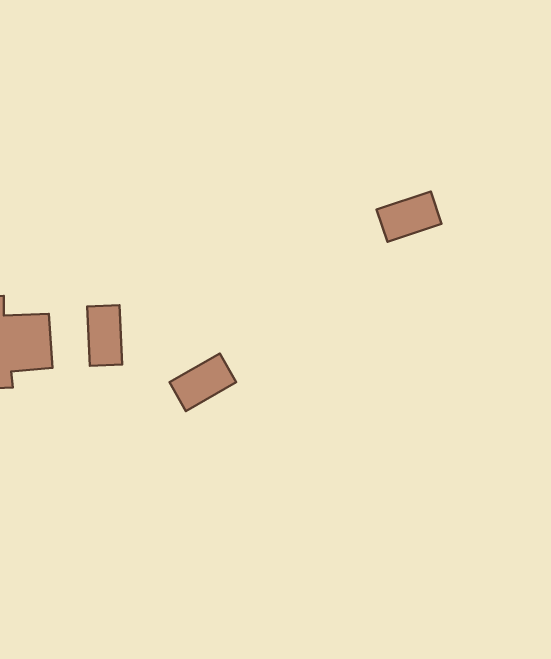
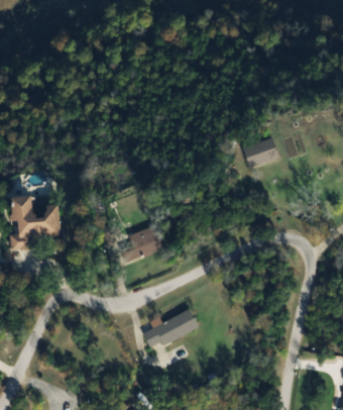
building: [87,305,122,366] -> none
building: none -> [140,308,199,349]

